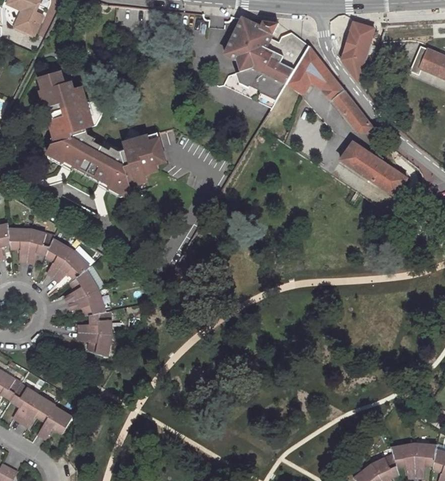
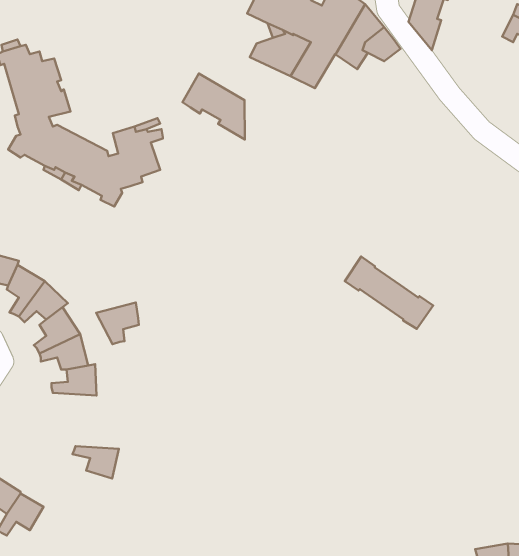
building: [323,79,378,136] -> none
building: none -> [182,73,245,139]
building: [341,141,406,194] -> [345,257,433,329]
building: none -> [96,303,139,344]
building: [77,332,111,356] -> [73,446,119,479]

